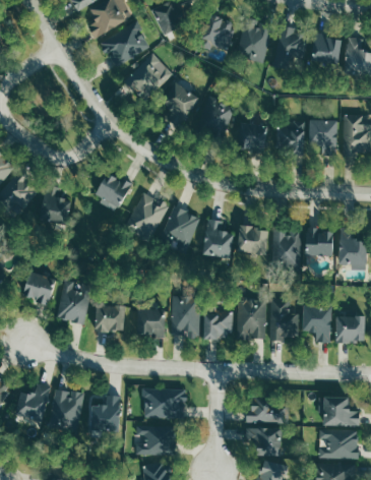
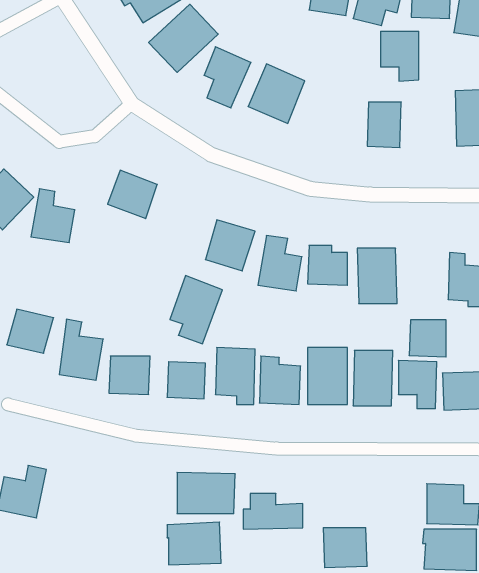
building: [309,120,336,156] -> [381,31,419,81]
building: [238,122,267,153] -> none
building: [130,192,168,241] -> [170,276,222,344]
building: [305,230,331,256] -> [409,320,446,357]
building: [53,391,84,427] -> none
building: [91,397,120,430] -> none
building: [246,398,289,423] -> [243,494,303,529]

